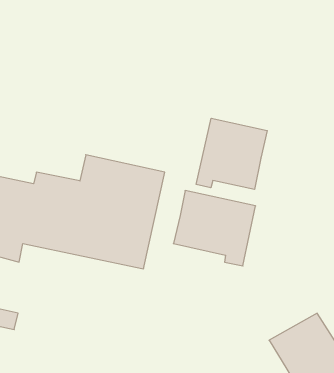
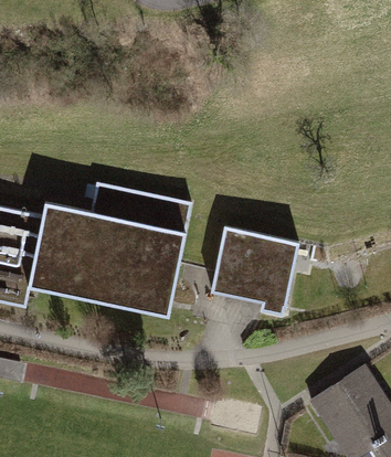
building: [196,118,267,189] -> none

